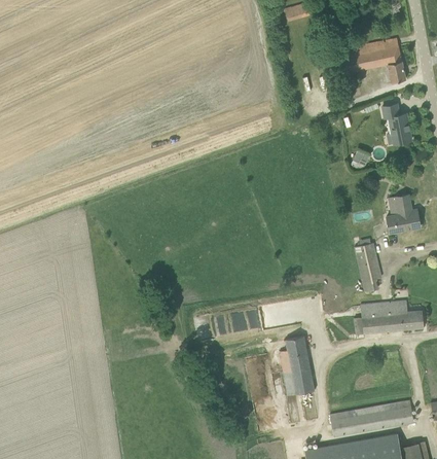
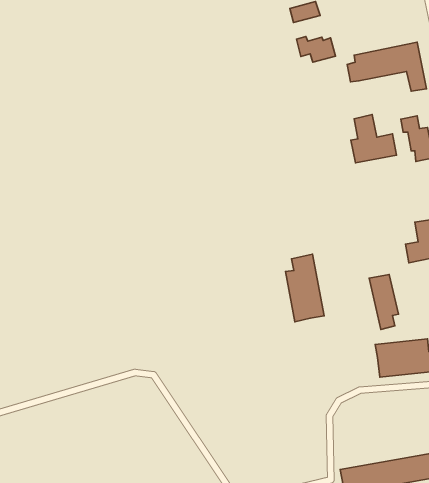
building: none -> [296,37,335,62]
building: none -> [351,115,397,163]
building: [280,336,314,395] -> [286,254,324,322]

